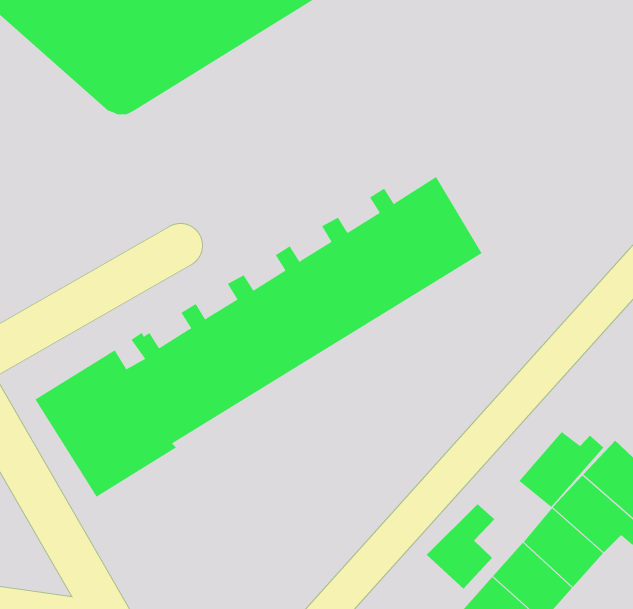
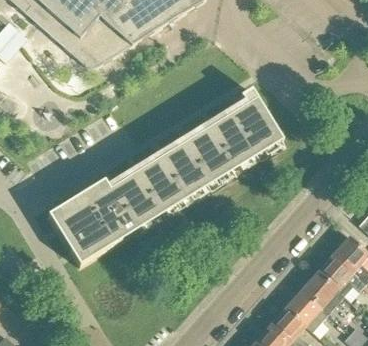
building: [518,431,604,508] -> none
building: [426,504,495,590] -> none

